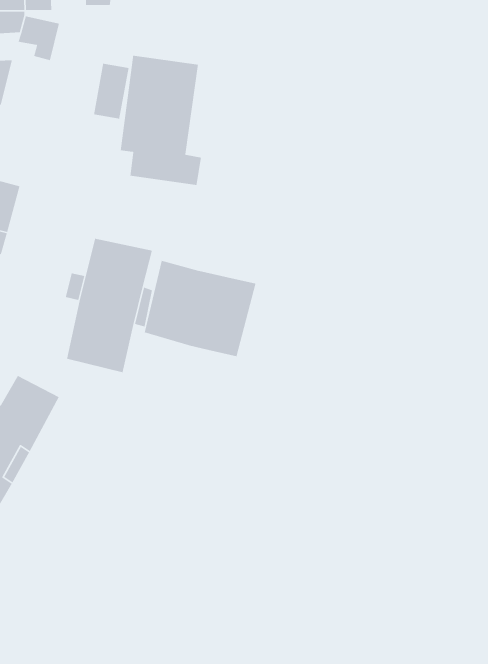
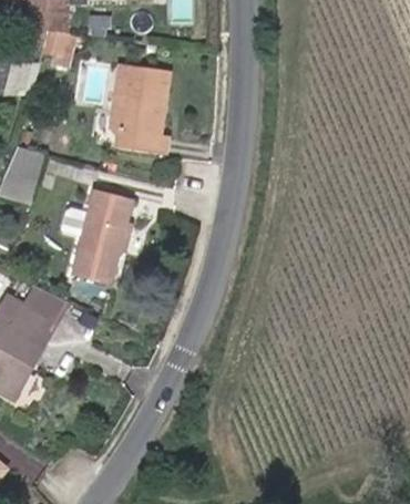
building: [144,260,257,357] -> none

